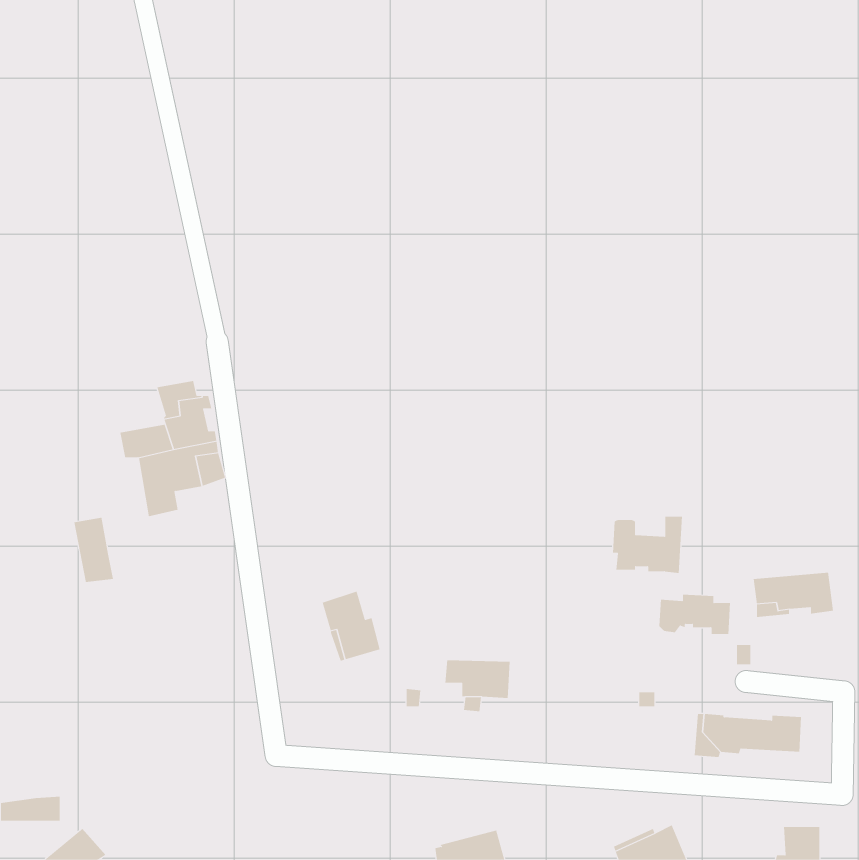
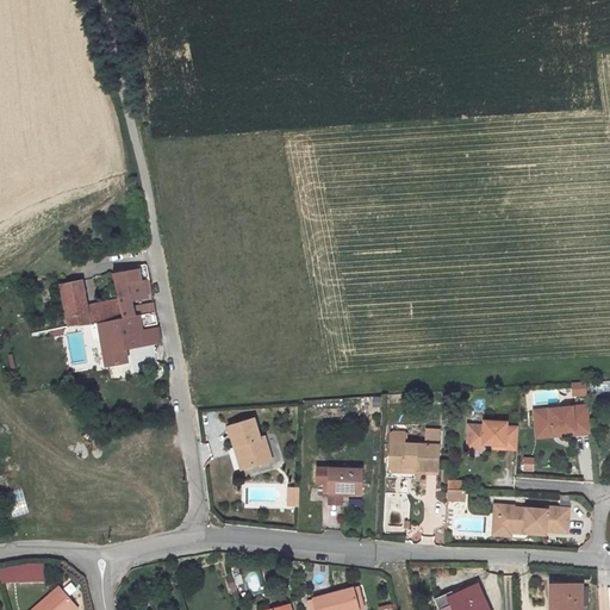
building: [612,516,683,574] -> [388,430,438,471]
building: [73,517,114,583] -> [60,280,88,326]

